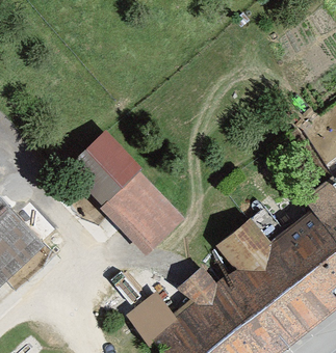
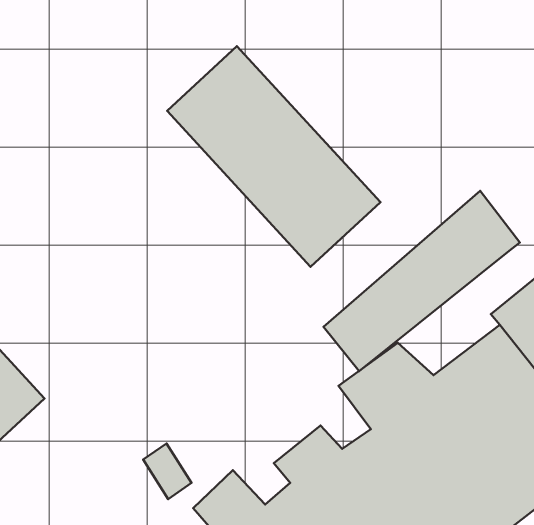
building: [64,129,188,256] -> [167,46,380,267]
building: none -> [324,191,520,371]

